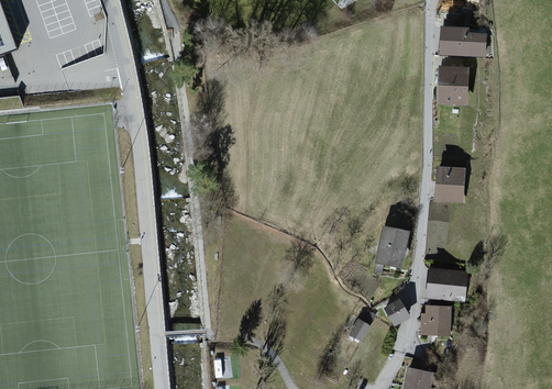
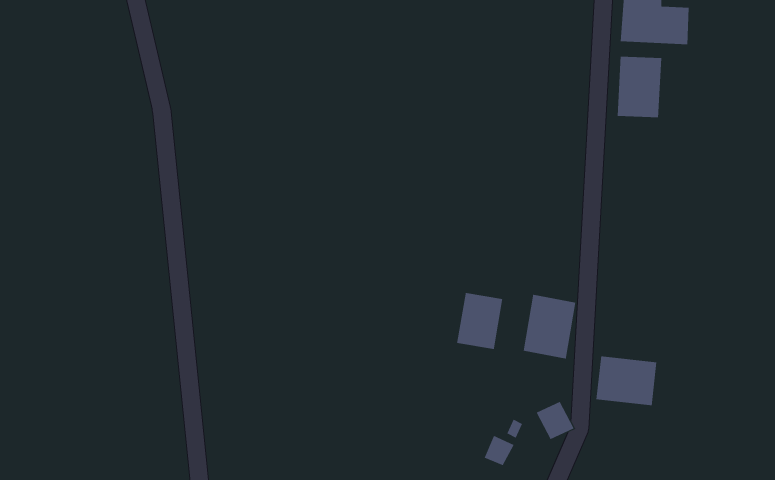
building: [434,165,464,202] -> none
building: none -> [457,292,503,350]
building: [418,303,452,336] -> none

